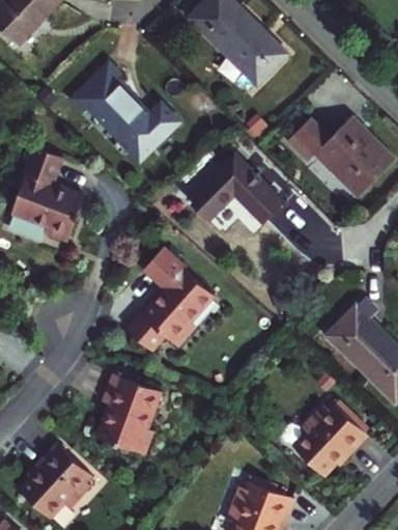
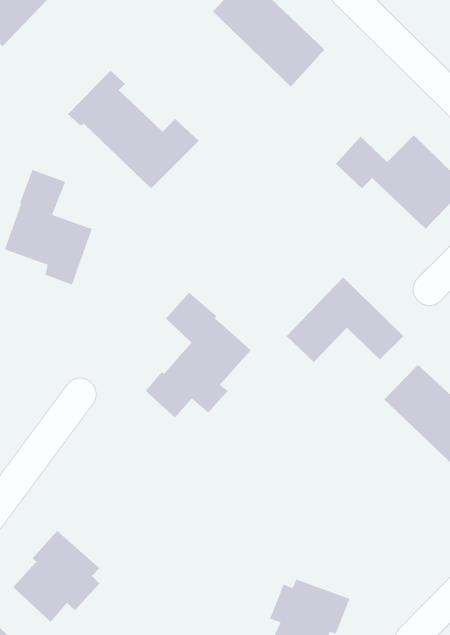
building: [182,154,279,224] -> [286,277,404,363]
building: [100,371,164,453] -> none
building: [296,401,371,474] -> none

